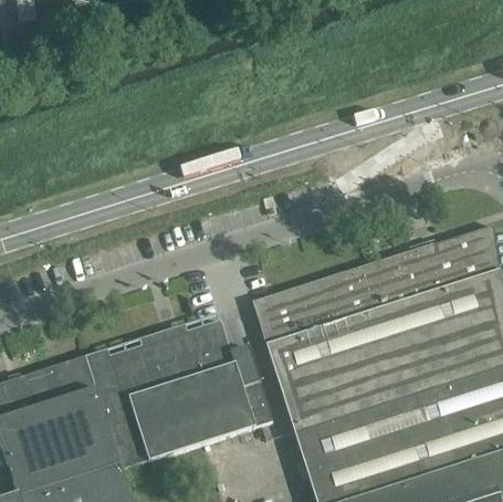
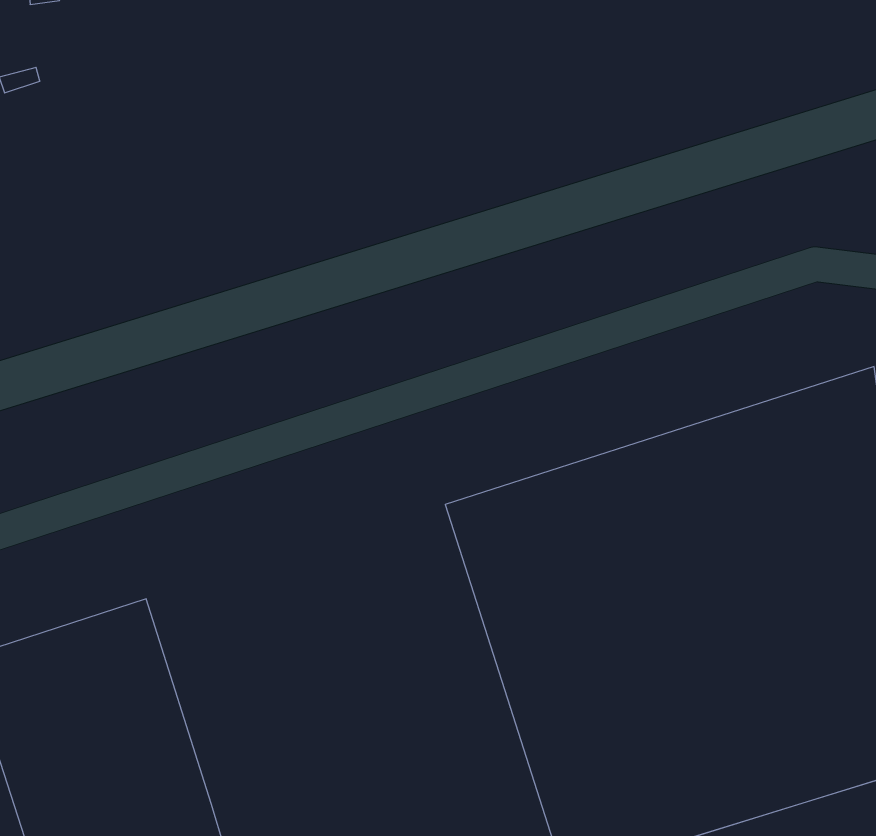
building: [84,320,272,469] -> none

